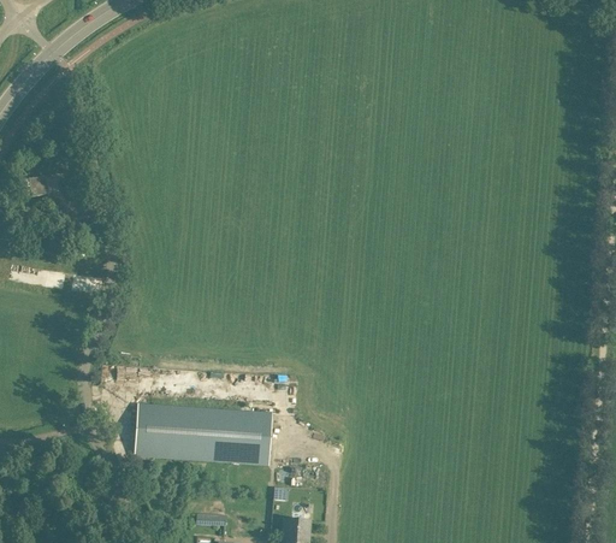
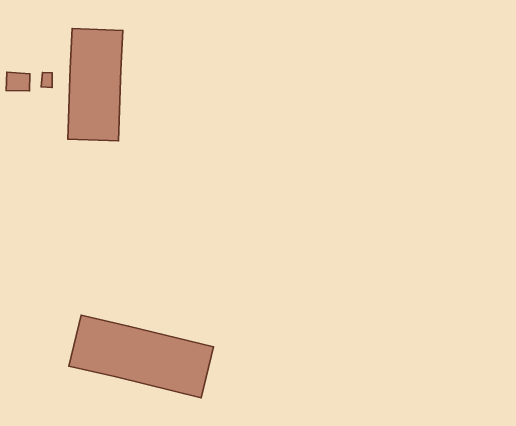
building: none -> [68,29,123,141]

